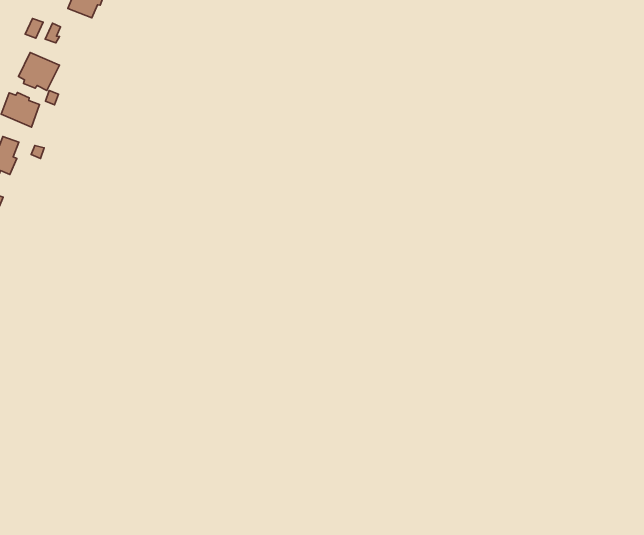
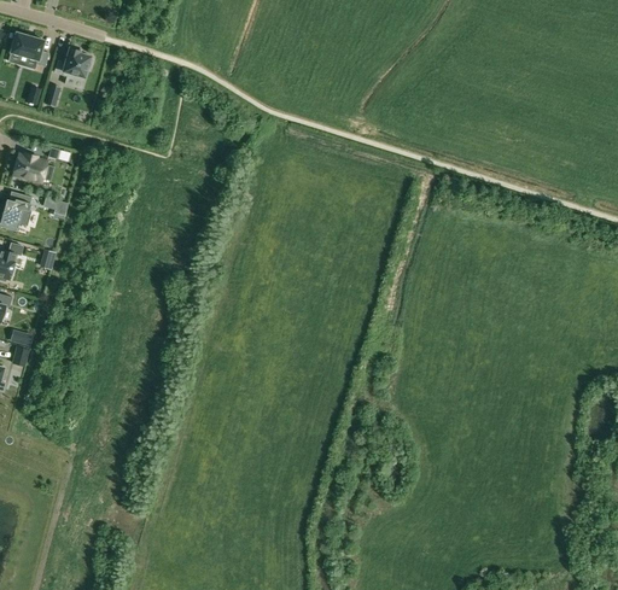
building: [19,53,59,90] -> none

